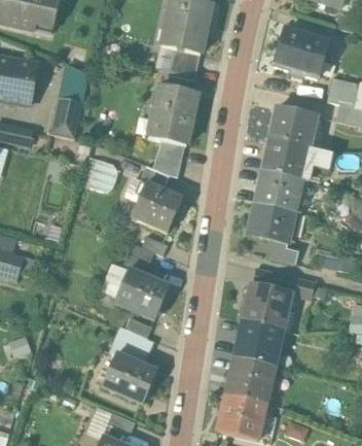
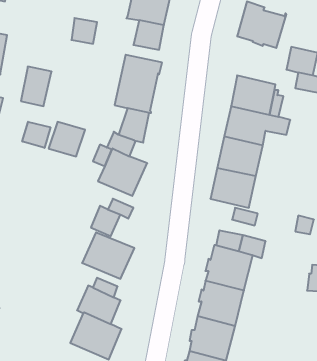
building: [57,66,83,93] -> [71,18,97,44]
building: none -> [22,122,50,148]

